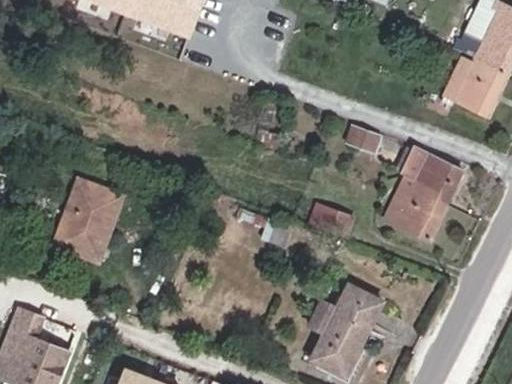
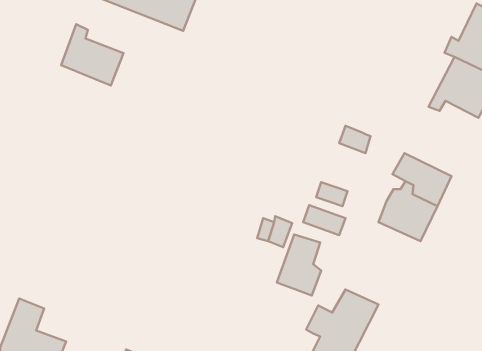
building: none -> [61,24,123,85]
building: [45,181,115,261] -> none
building: none -> [277,235,321,296]

